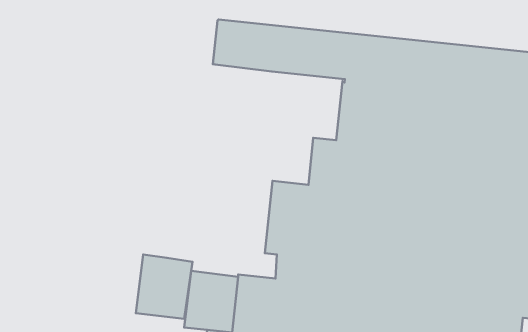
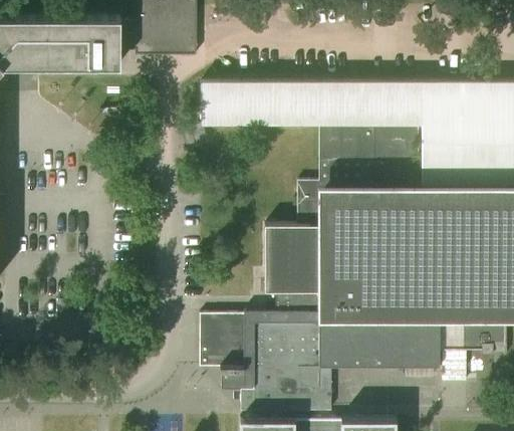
building: [136,255,193,319] -> none

